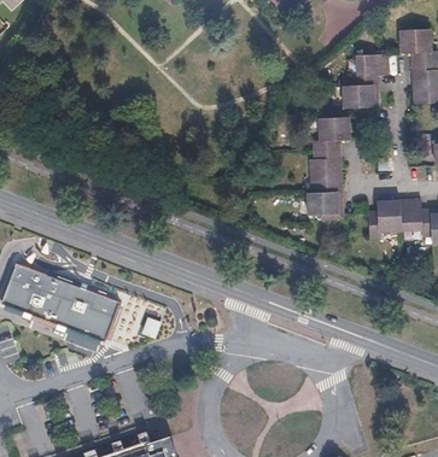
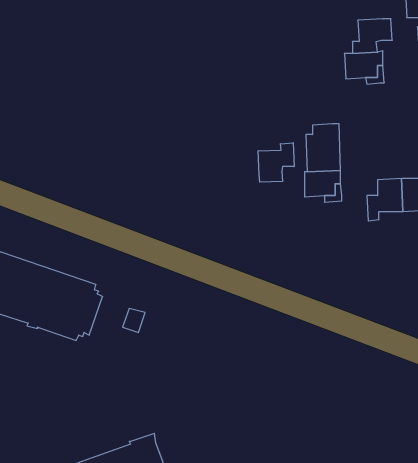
building: [315,116,351,150] -> none
building: none -> [258,143,294,182]

